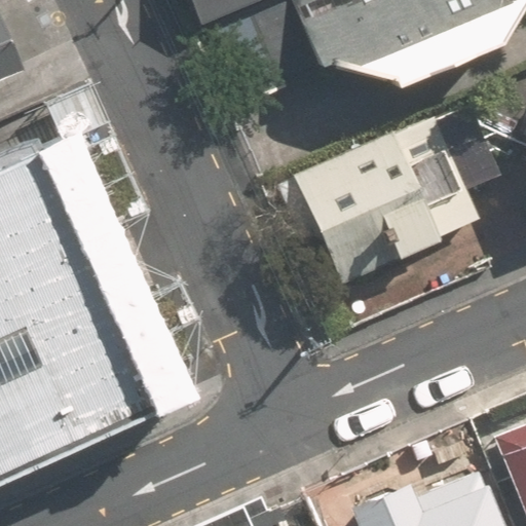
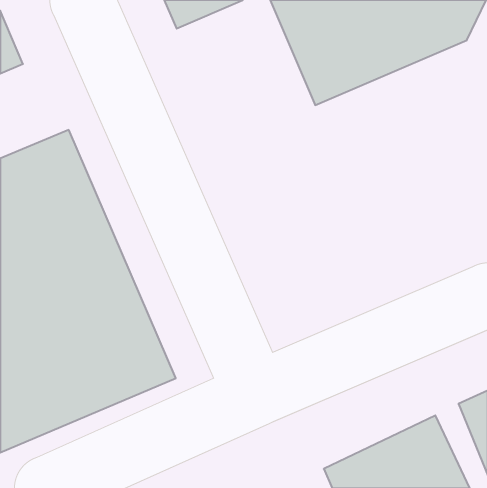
building: [291,110,477,280] -> none

